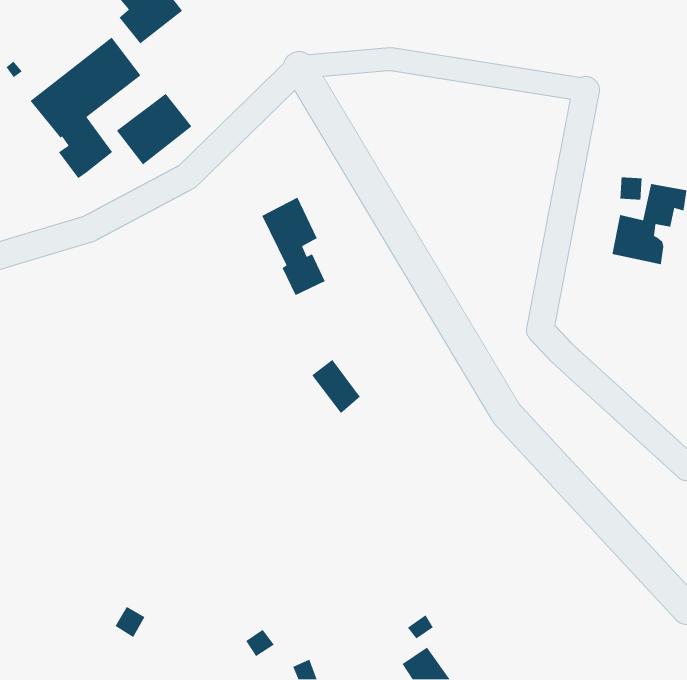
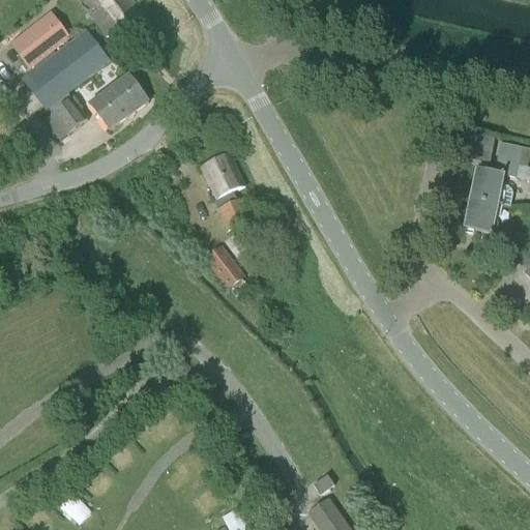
building: none -> [13,19,63,65]
building: none -> [464,196,504,247]
building: [311,359,361,414] -> [205,244,243,287]

